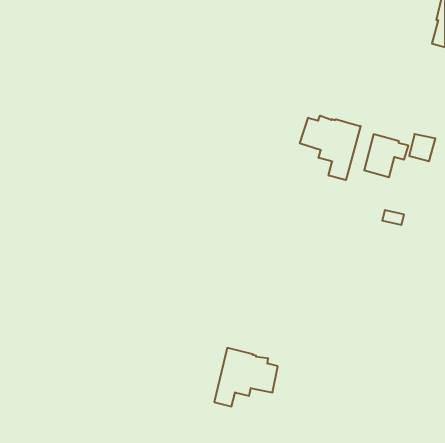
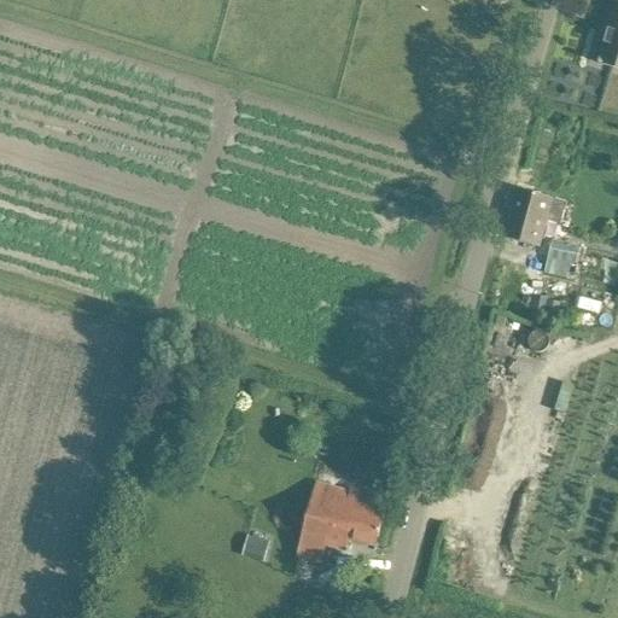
building: [300,116,361,180] -> none
building: [409,134,435,161] -> [544,239,581,276]

